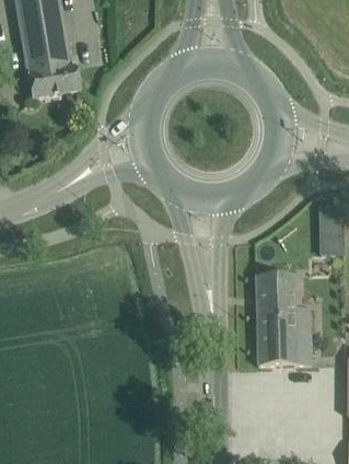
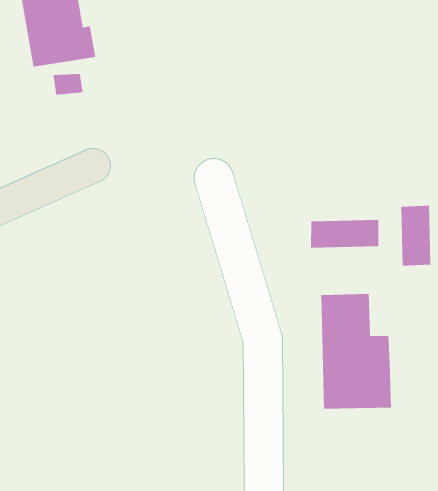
building: none -> [310,219,379,249]

